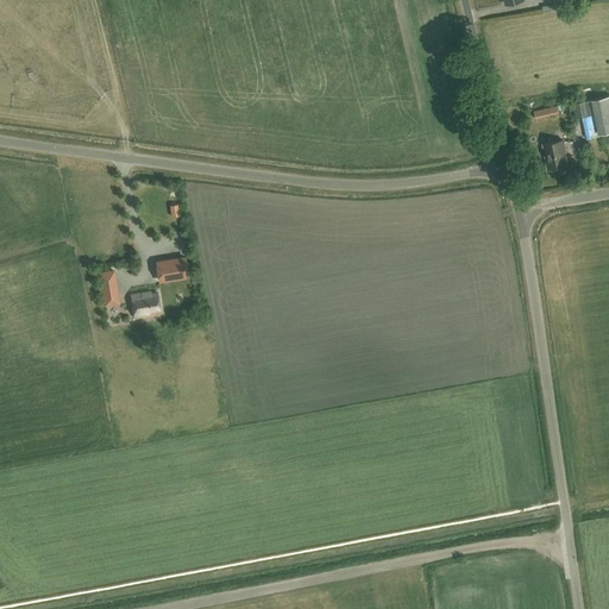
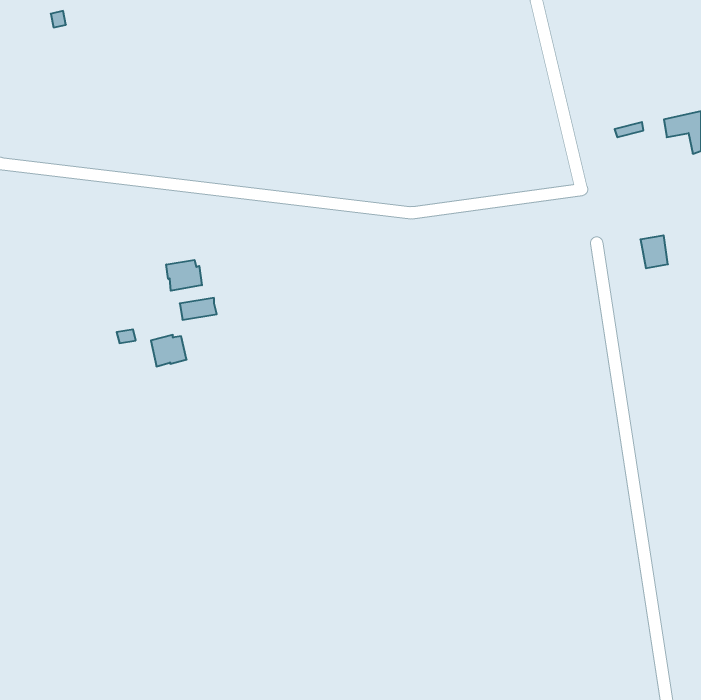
building: [542,140,566,169] -> [640,235,668,268]
building: none -> [166,260,202,291]

